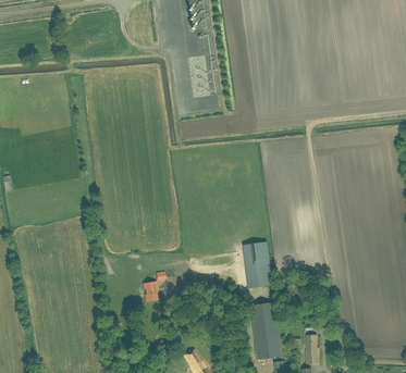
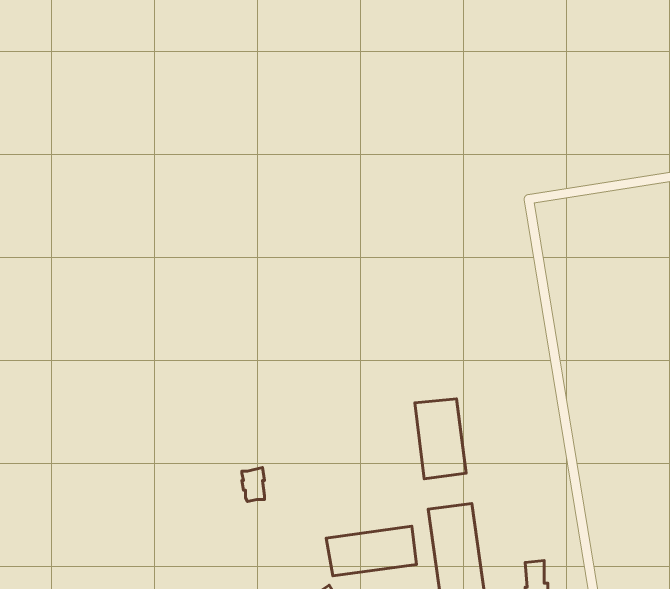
building: none -> [326,526,417,576]

